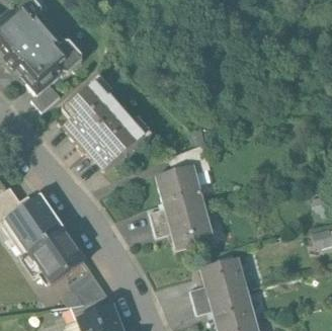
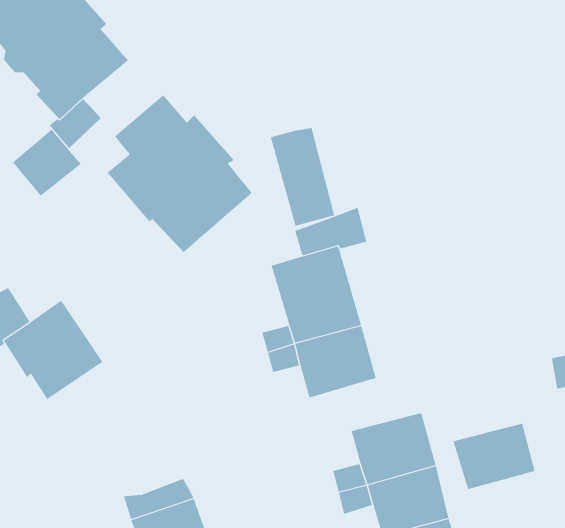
building: none -> [270,127,335,227]
building: none -> [12,129,81,197]
building: [21,231,83,283] -> none
building: none -> [453,423,535,490]
building: [64,270,106,307] -> none

